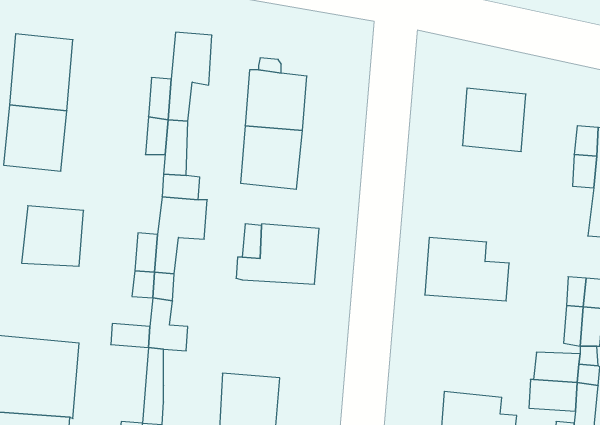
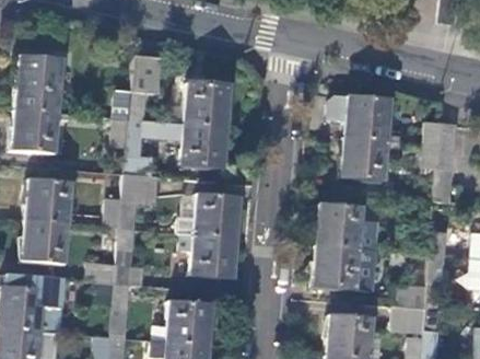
building: none -> [341,137,386,182]
building: none -> [21,222,66,266]
building: none -> [183,234,236,279]
building: none -> [313,245,376,290]

